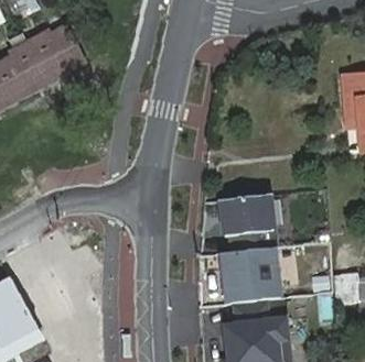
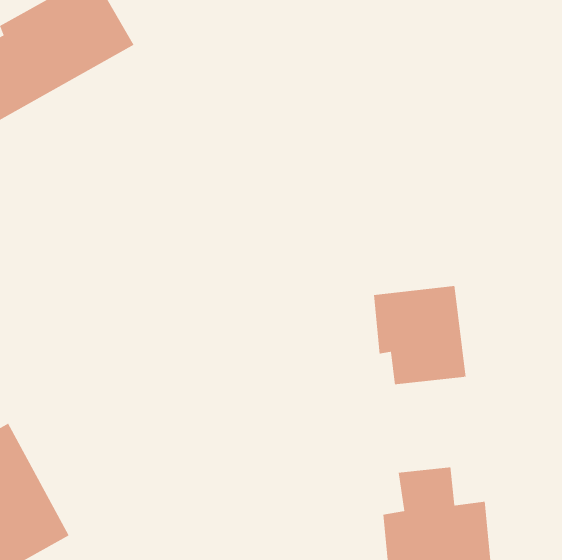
building: [221,250,281,306] -> none

